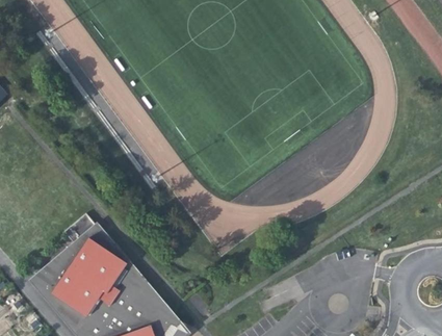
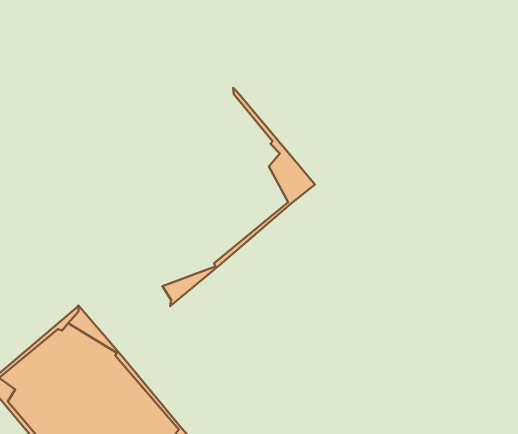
building: none -> [162,88,315,306]

